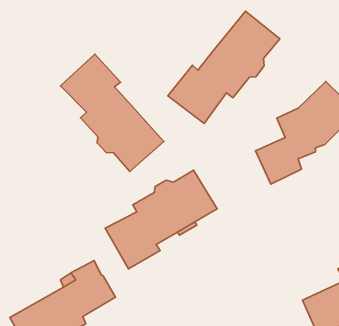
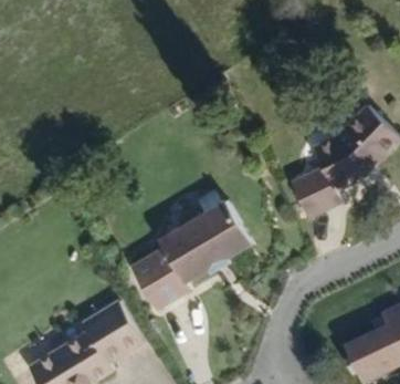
building: [168,11,280,124] -> none
building: [61,54,164,172] -> none

